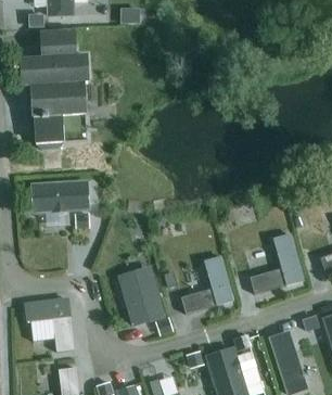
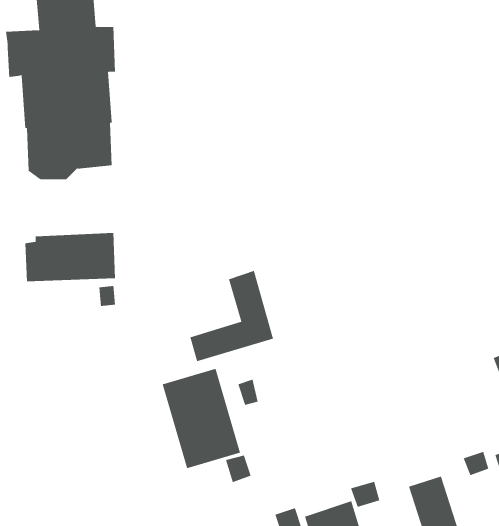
building: [248,233,303,293] -> none
building: [180,256,232,313] -> [189,270,274,362]
building: [24,297,73,351] -> none

